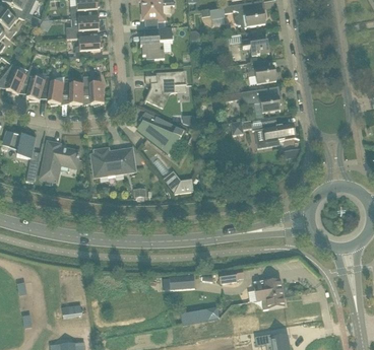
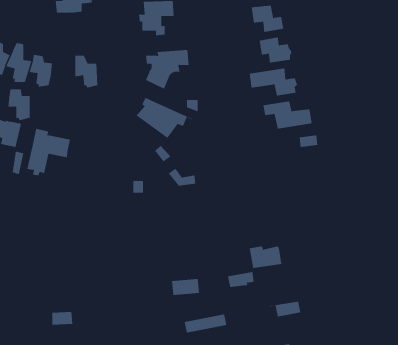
building: [75,37,102,59] -> none
building: [62,78,82,107] -> [8,89,30,121]
building: [91,149,134,176] -> none
building: [253,279,283,299] -> [249,246,282,269]

